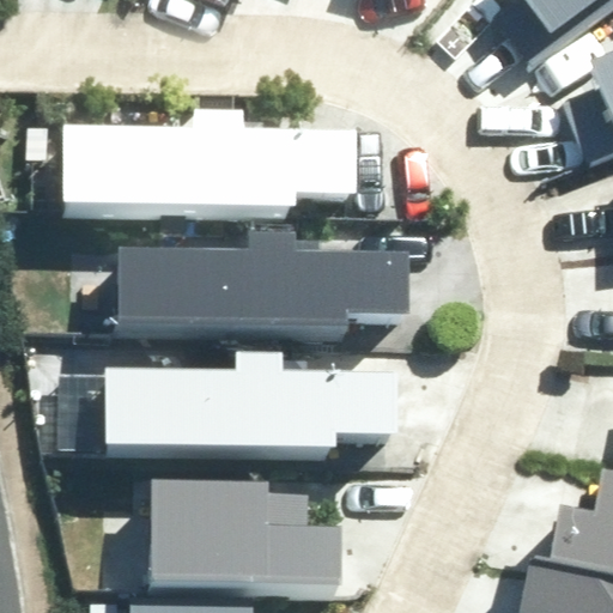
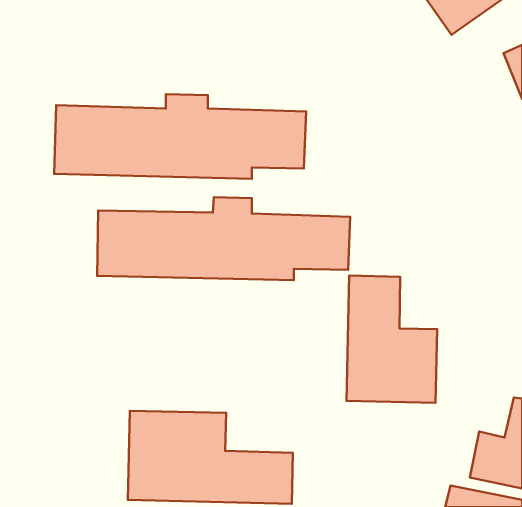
building: none -> [347,276,437,403]
building: [108,350,397,456] -> none

